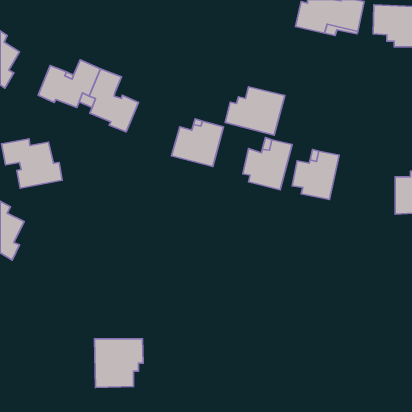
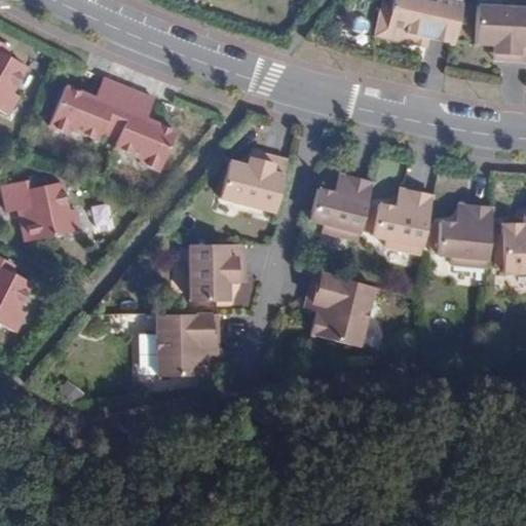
building: [225,87,285,135] -> none
building: none -> [438,205,493,266]
building: none -> [188,243,242,300]
building: none -> [306,270,372,345]
building: [95,339,143,387] -> [154,313,216,375]

